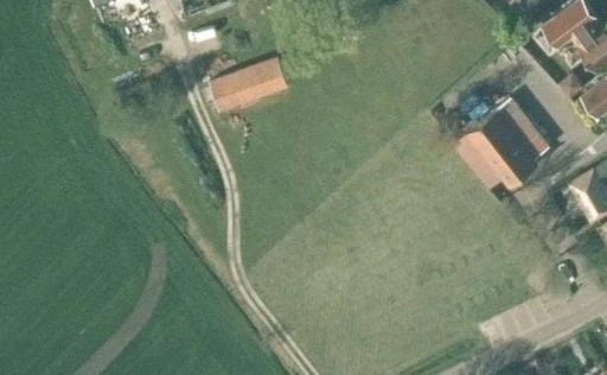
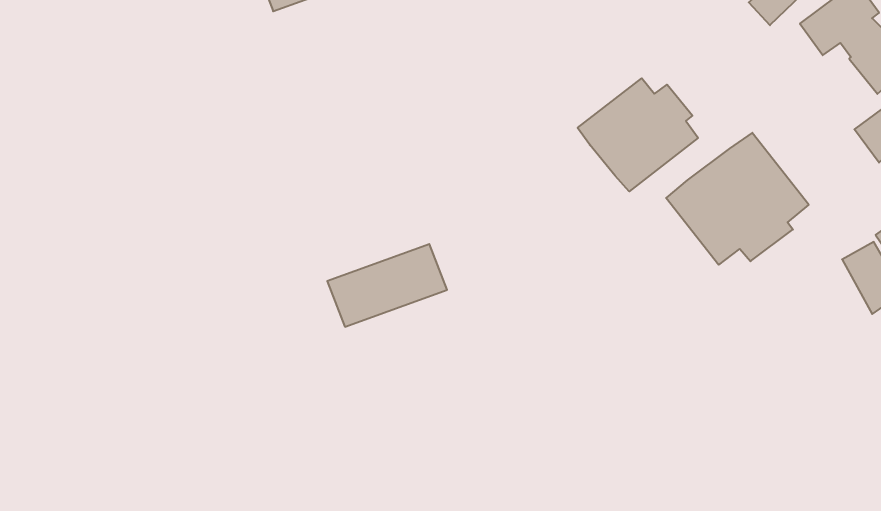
building: [210,55,290,110] -> [327,244,447,327]
building: none -> [578,78,698,191]

